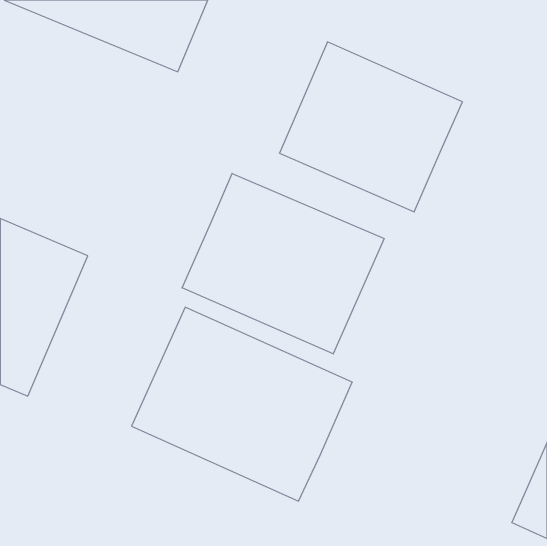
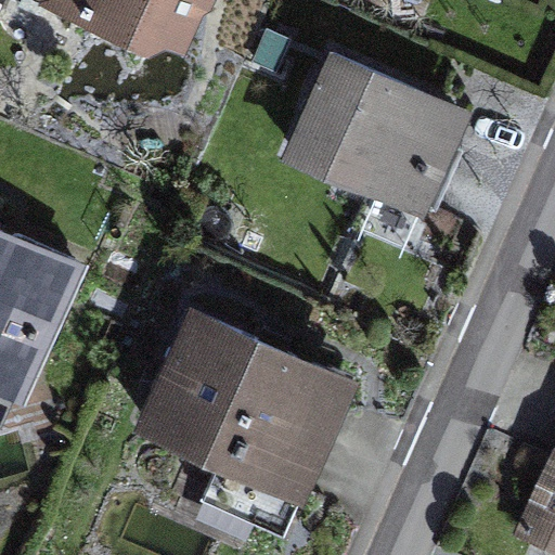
building: [182,173,384,354] -> none

